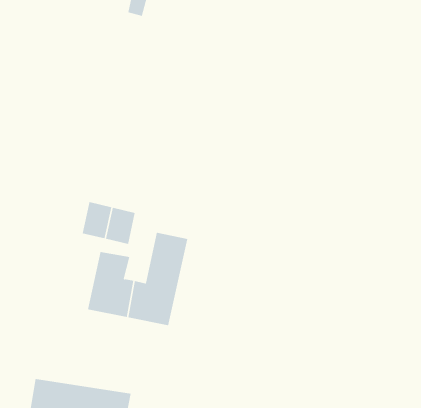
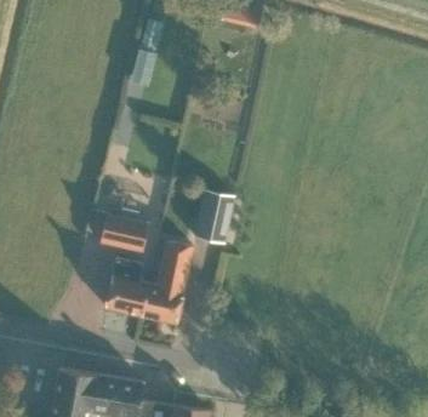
building: none -> [193,190,234,245]

